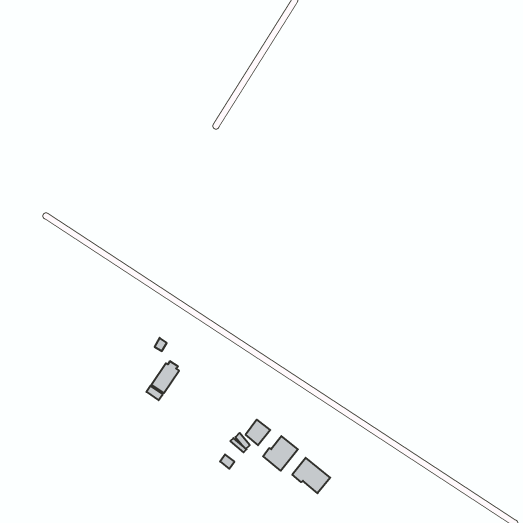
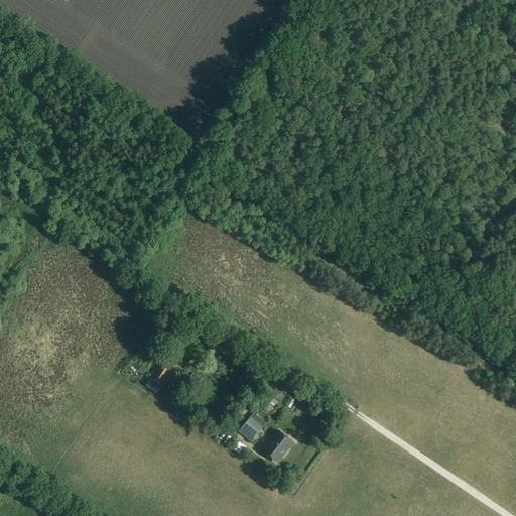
building: [292,458,330,493] -> none

